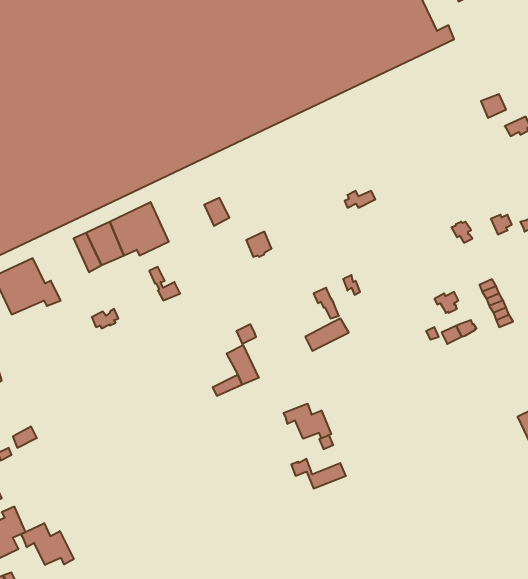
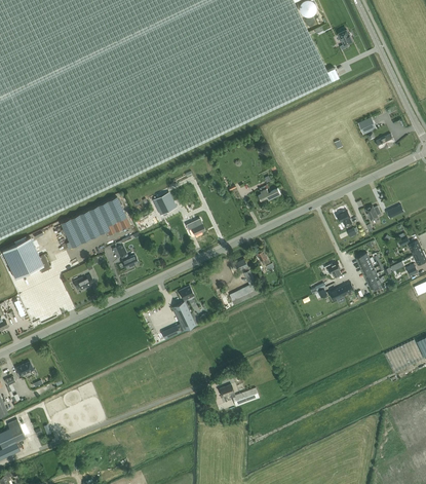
building: [284,404,331,439] -> none
building: [21,523,74,565] -> none

